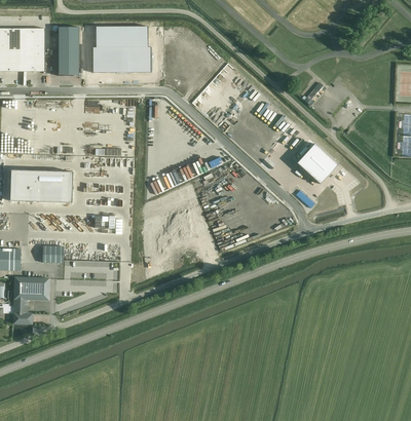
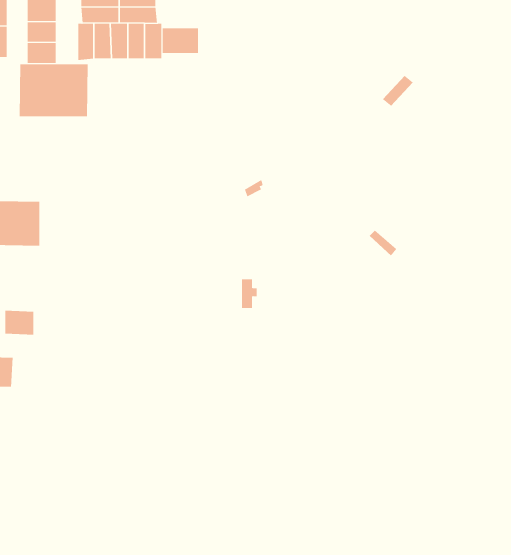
building: none -> [162,28,198,54]
building: none -> [19,63,88,117]
building: [296,142,342,187] -> none

